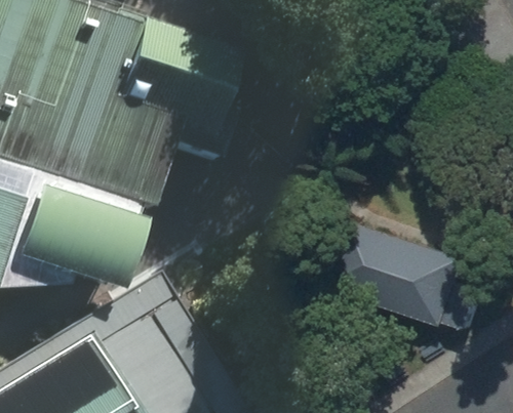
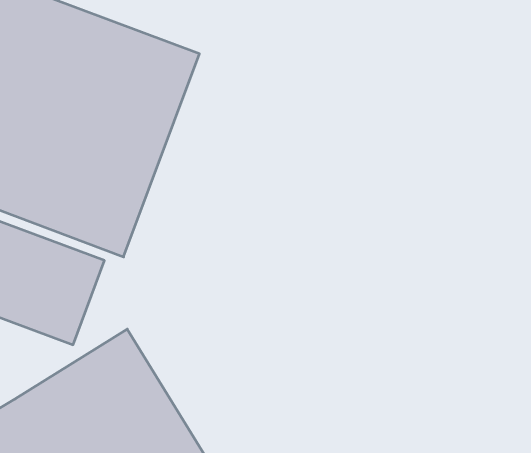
building: [308,218,449,328] -> none

